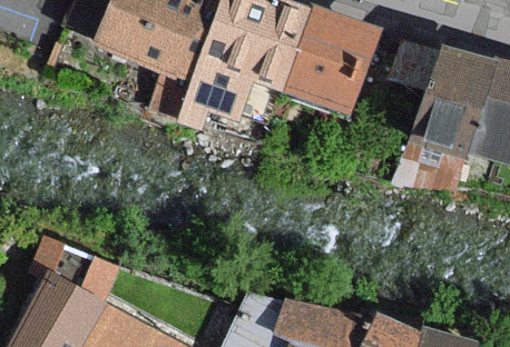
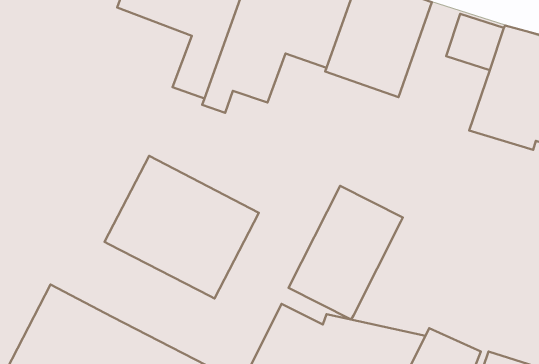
building: none -> [105,156,259,298]
building: none -> [289,186,403,320]

